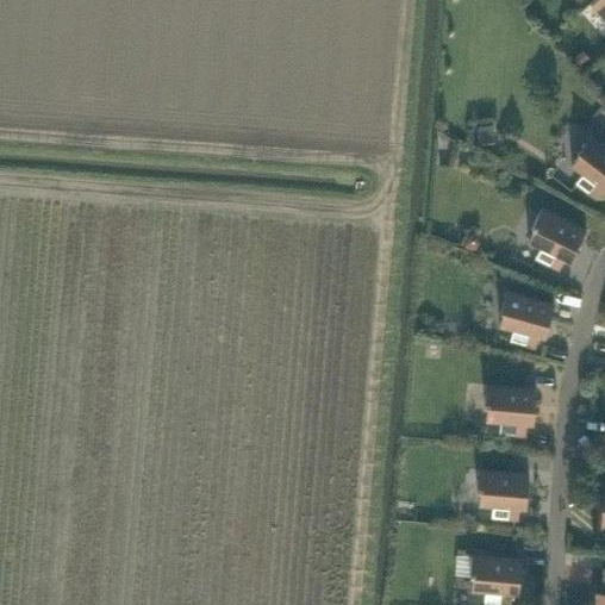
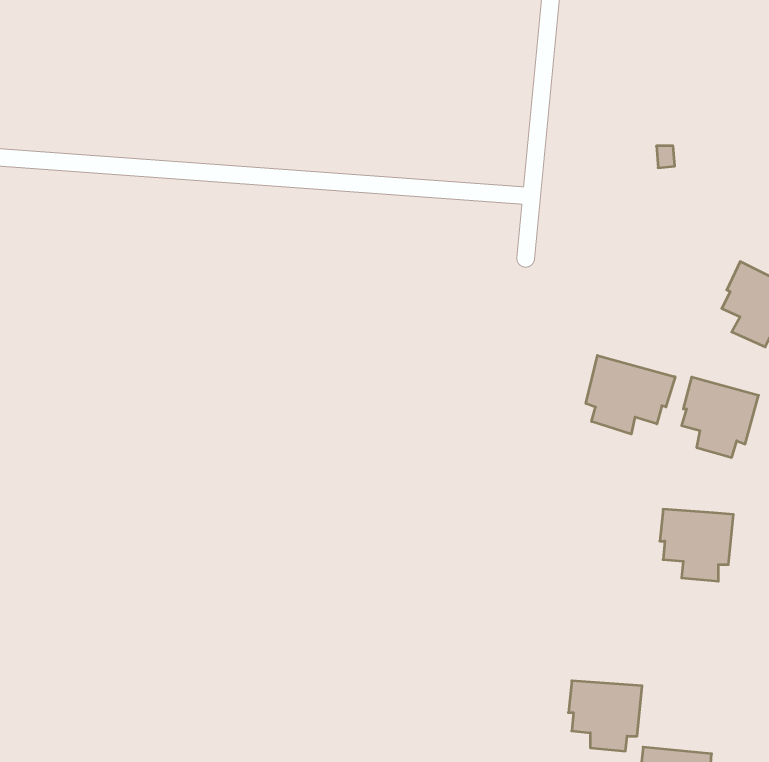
building: none -> [586,355,675,434]
building: [479,469,531,519] -> [568,681,642,751]

